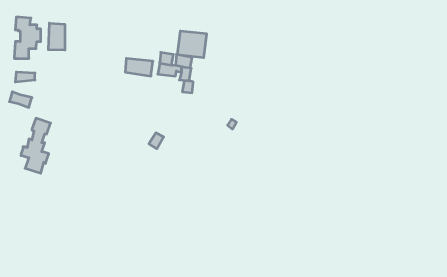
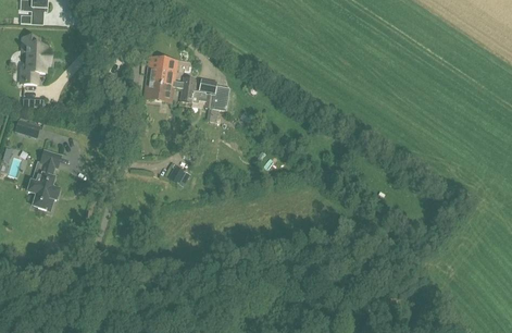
building: [48,23,65,50] -> none
building: [177,31,207,58] -> [145,57,177,86]

